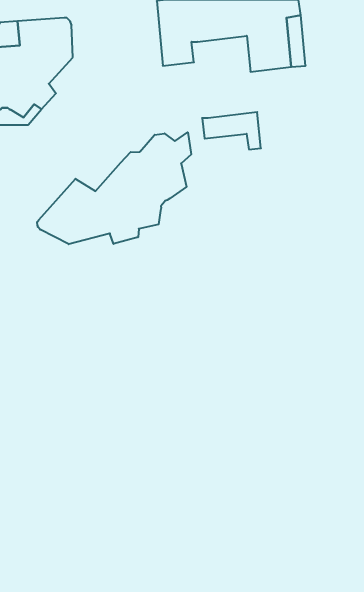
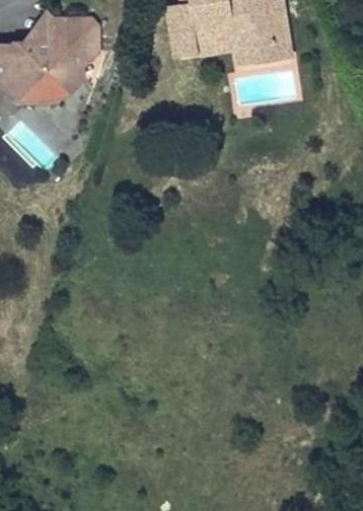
building: [202,112,261,149] -> [197,30,246,62]
building: [37,132,191,244] -> none

